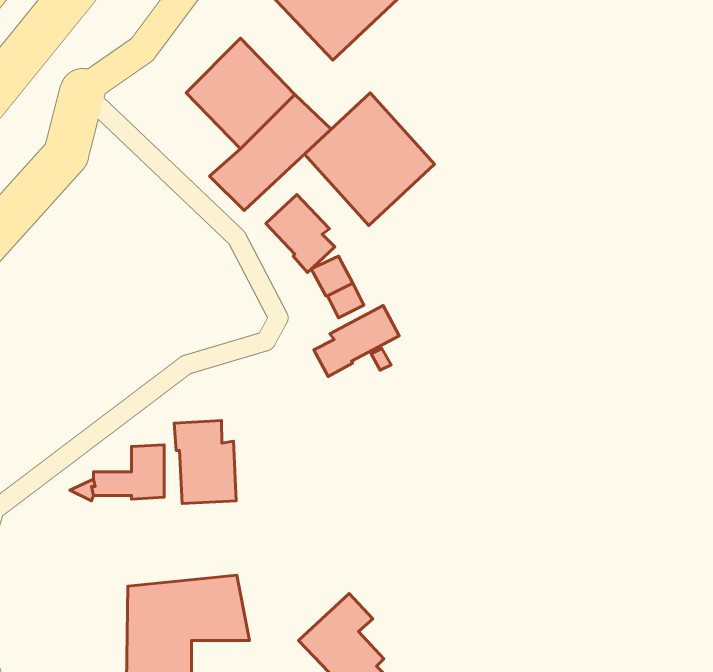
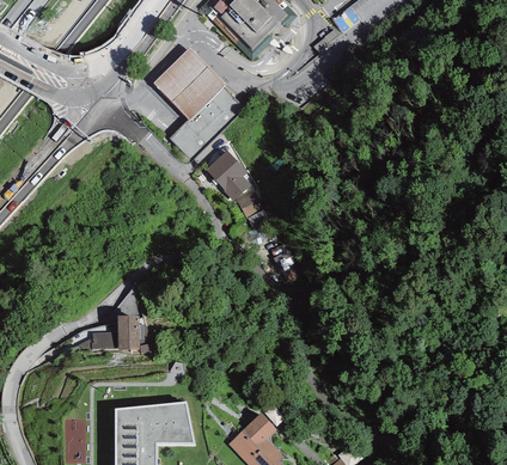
building: [304,93,435,225] -> none
building: [314,306,399,377] -> none
building: [174,420,236,504] -> none

